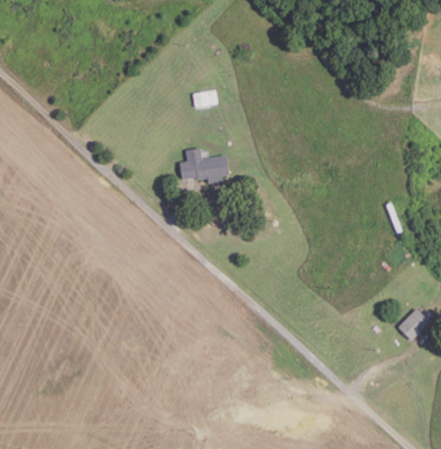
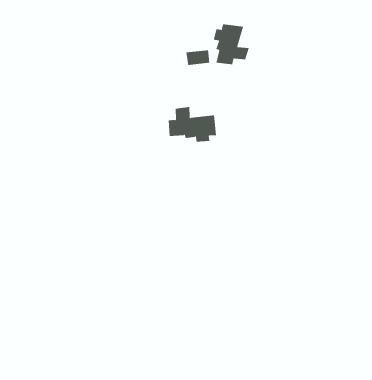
building: none -> [213,23,250,65]

